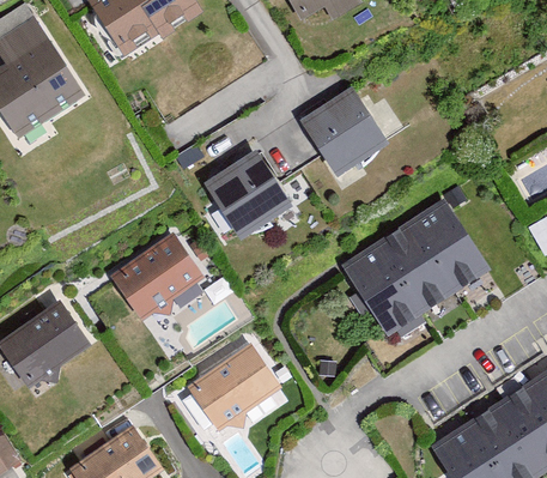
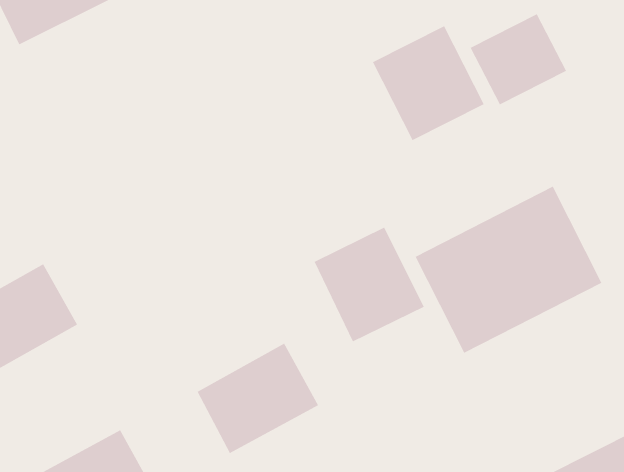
building: none -> [470,13,567,105]
building: [197,147,287,240] -> [314,226,425,342]
building: [113,234,206,322] -> none

